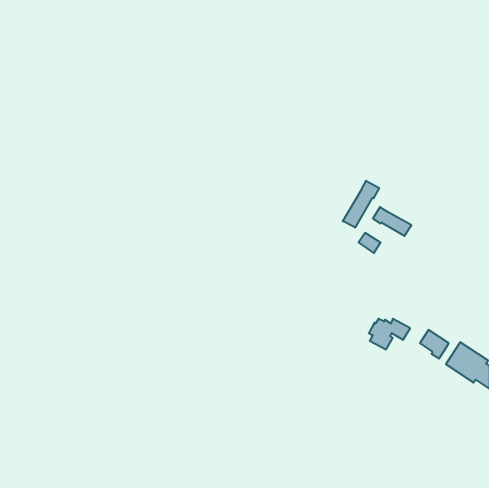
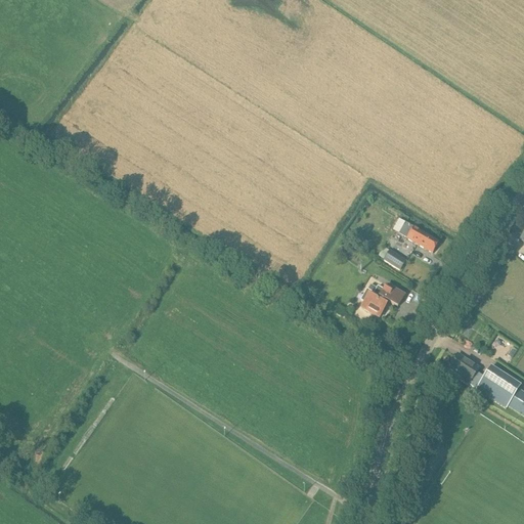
building: [343,181,379,228] -> none
building: [369,319,410,349] -> [361,283,405,316]

